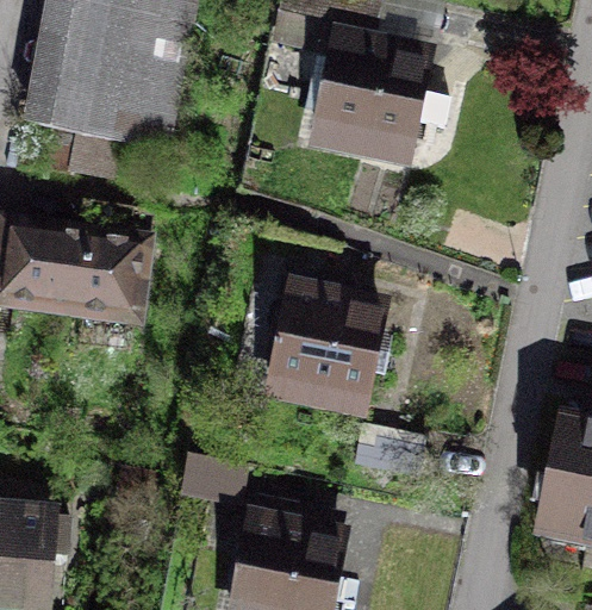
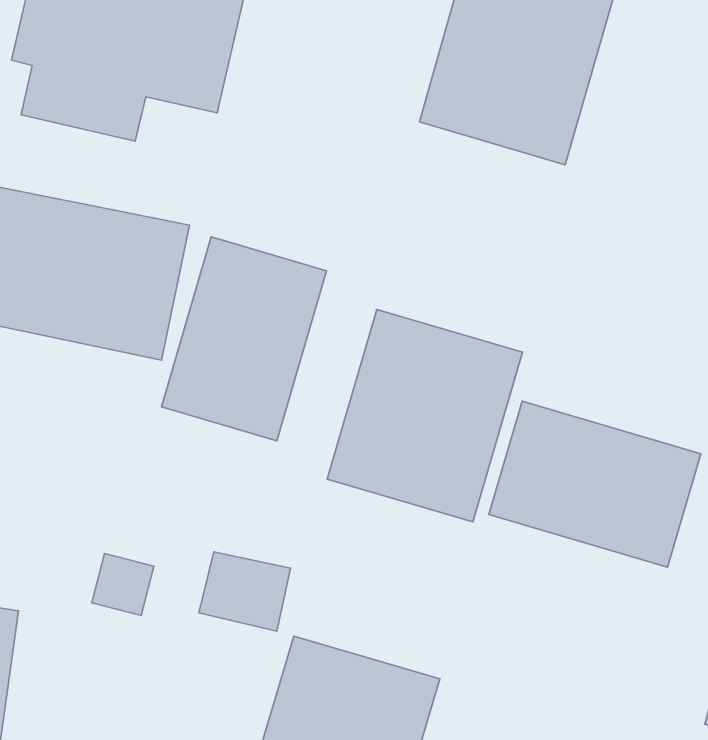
building: none -> [161,237,327,441]
building: none -> [489,401,701,567]

